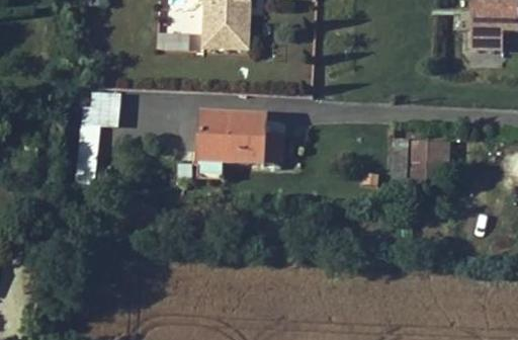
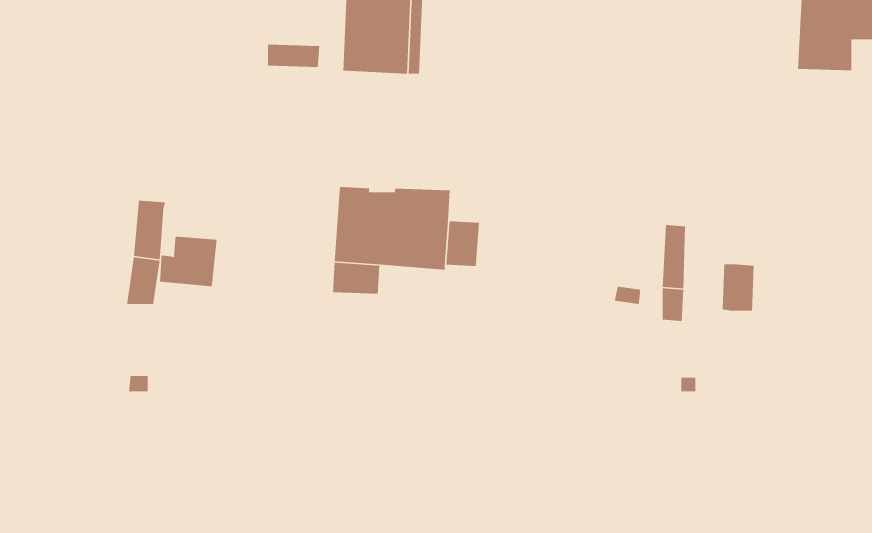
building: [83,92,117,122] -> [159,236,218,287]
building: [411,138,448,185] -> none

